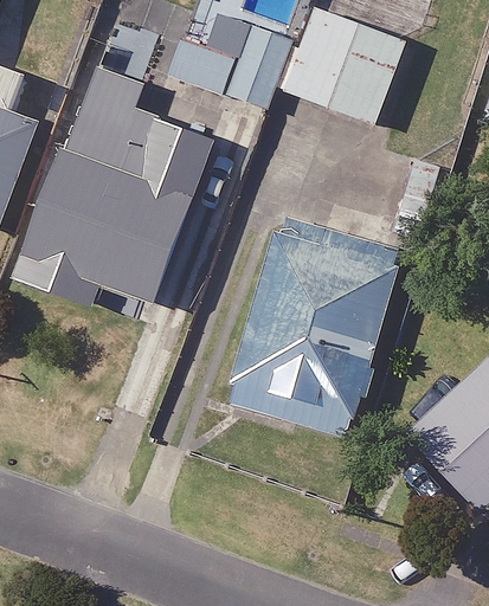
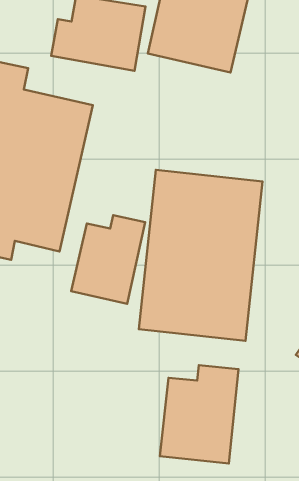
building: none -> [71,215,145,304]
building: none -> [160,365,239,463]

